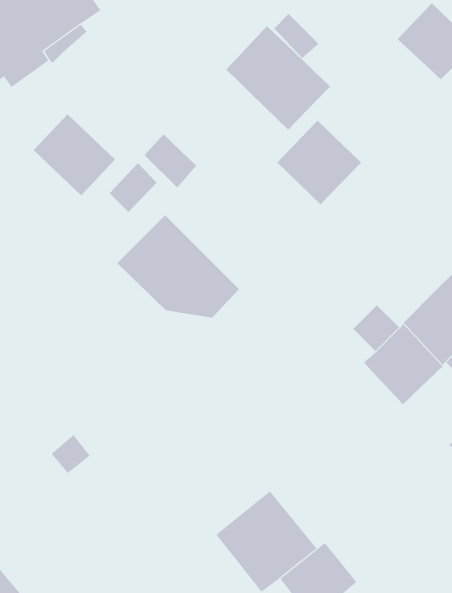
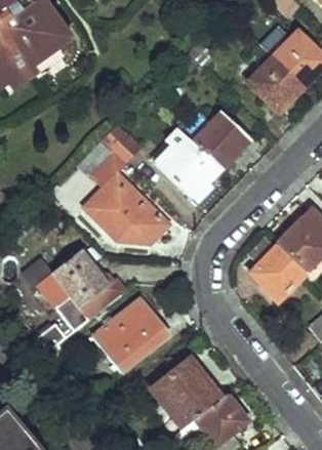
building: [226,25,331,131] -> [151,127,222,198]
building: none -> [248,56,303,110]
building: [33,114,116,196] -> none
building: none -> [37,249,125,330]
building: none -> [91,303,163,373]

